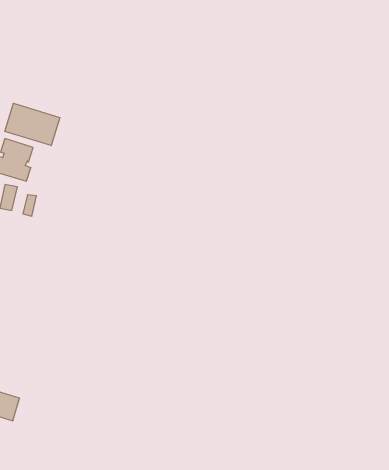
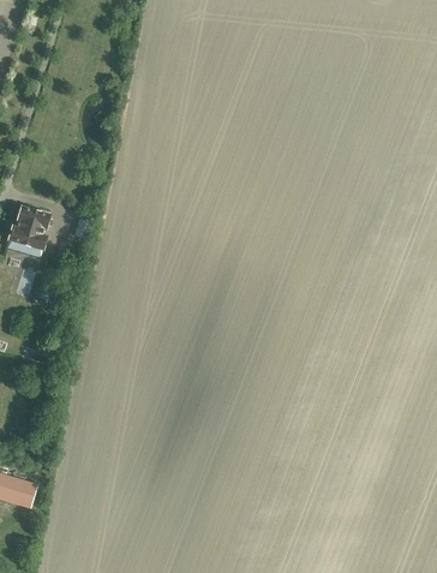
building: [5,103,60,146] -> none

